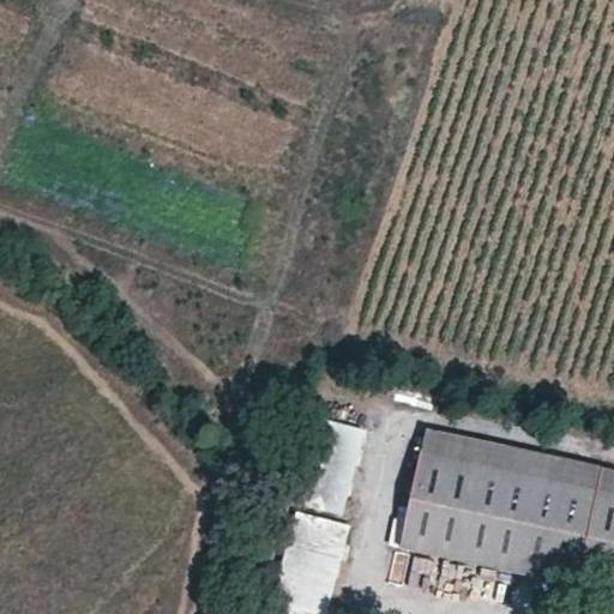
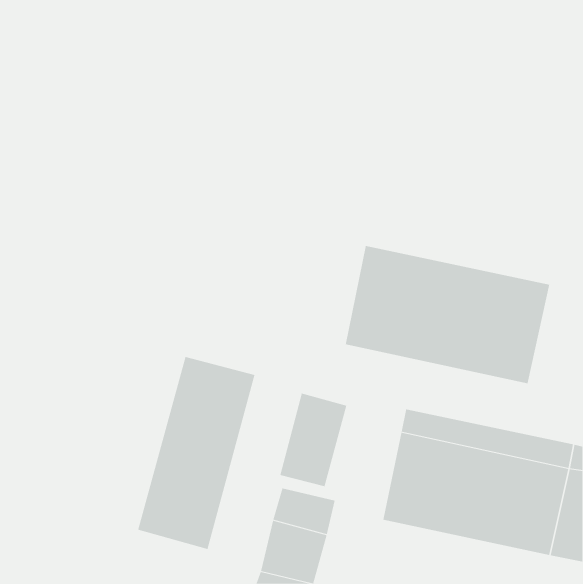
building: none -> [345,245,550,384]
building: none -> [137,356,255,550]

